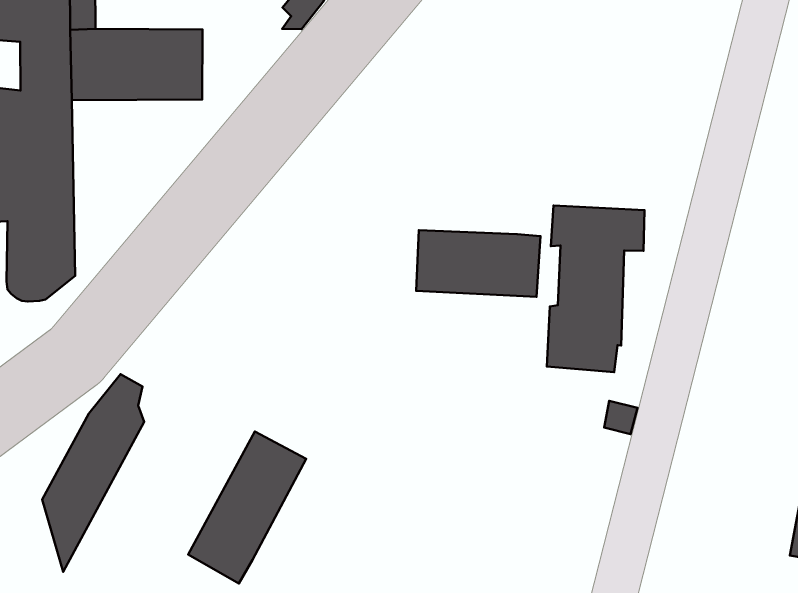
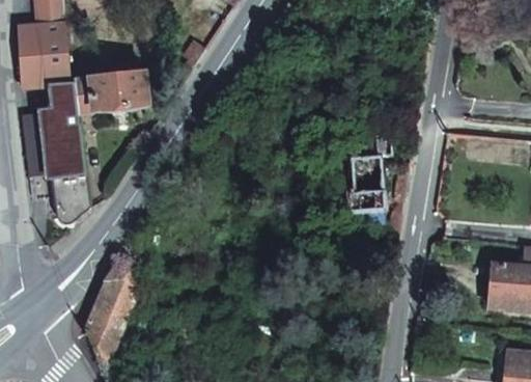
building: [416,230,541,297] -> none
building: [188,432,306,584] -> none

